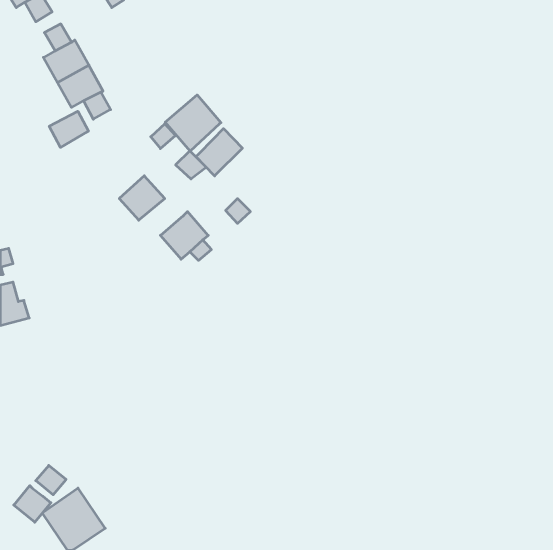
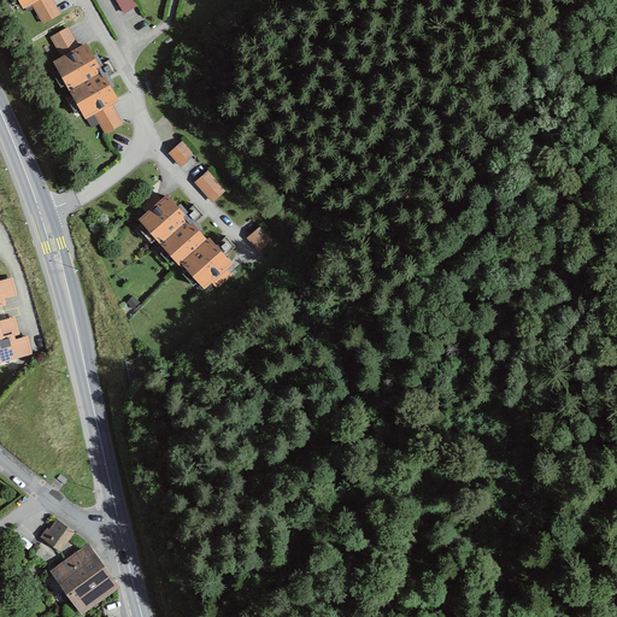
building: [165,95,221,151] -> none
building: [49,111,88,147] -> none
building: [196,129,242,176] -> none
building: none -> [157,218,205,265]
building: [14,486,51,522] -> none

